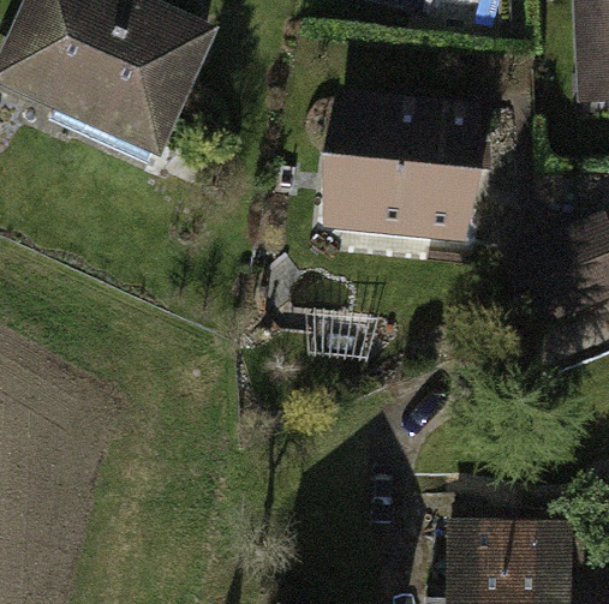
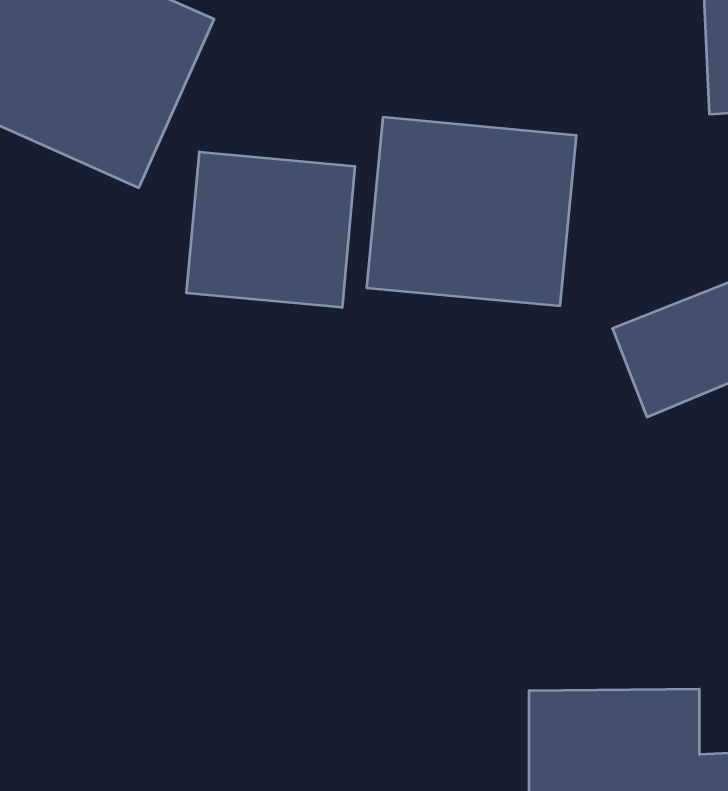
building: none -> [187,152,355,308]

